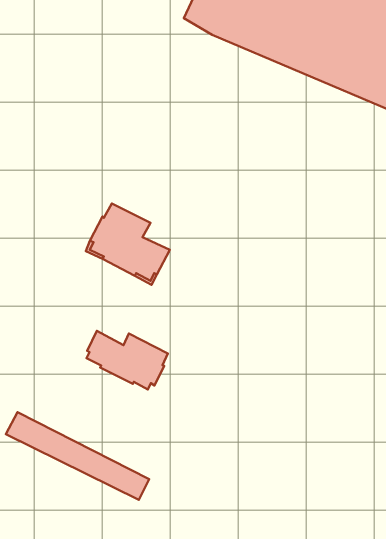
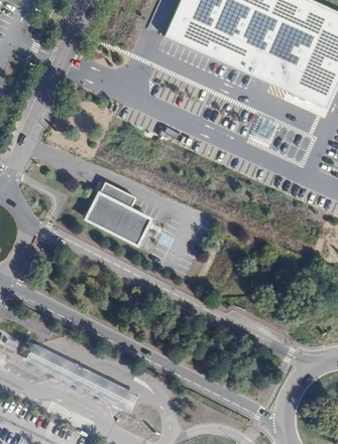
building: [86,331,168,389] -> none

